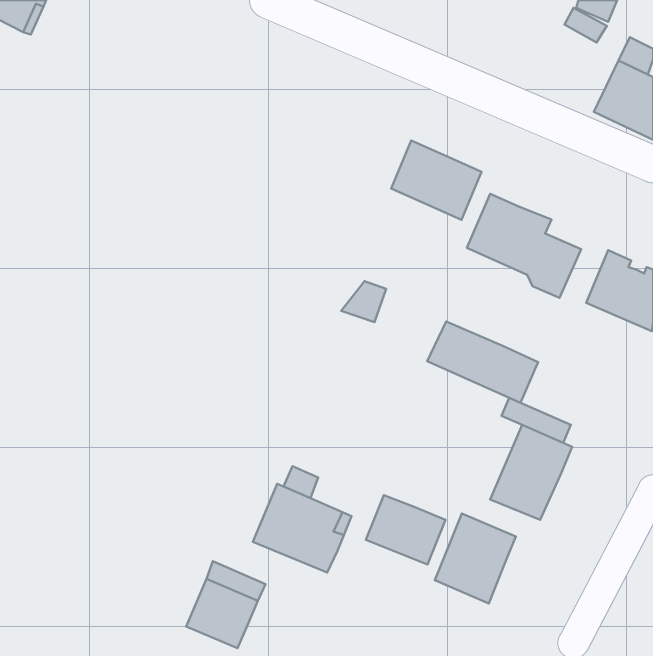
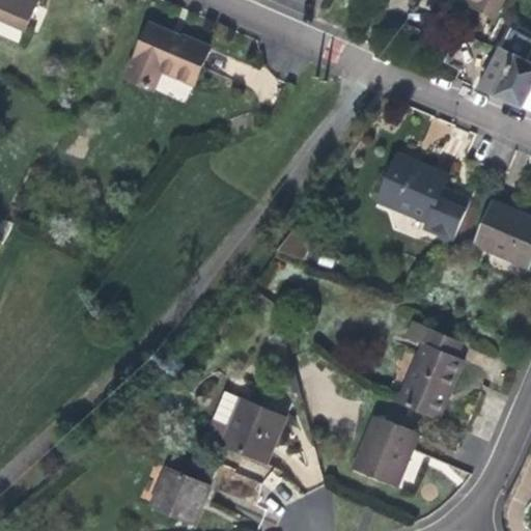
building: none -> [125,24,207,88]
building: [391,140,482,220] -> none
building: [427,321,538,403] -> none
building: [366,495,446,564] -> none

